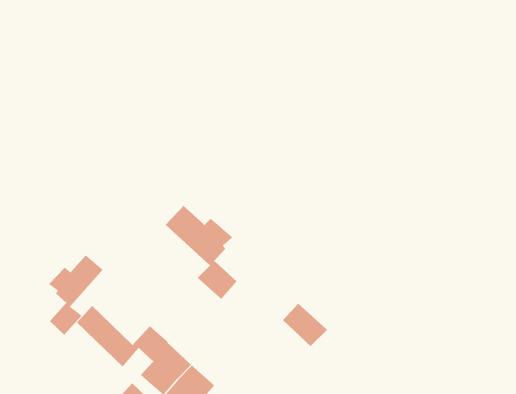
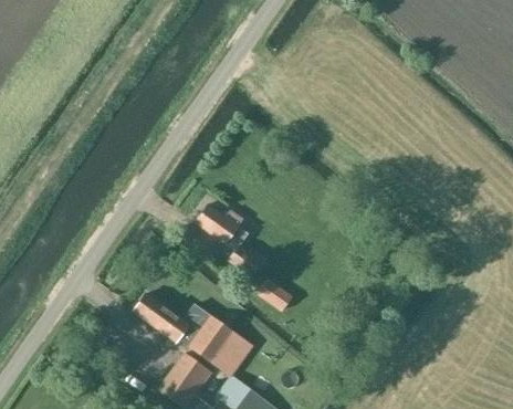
building: [48,255,103,336] -> none
building: [282,303,328,347] -> [254,279,292,313]

